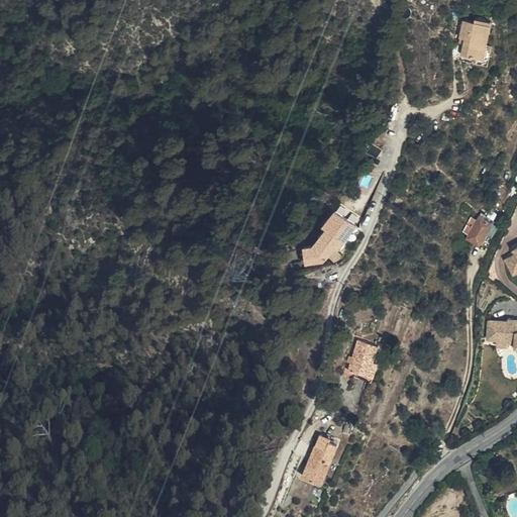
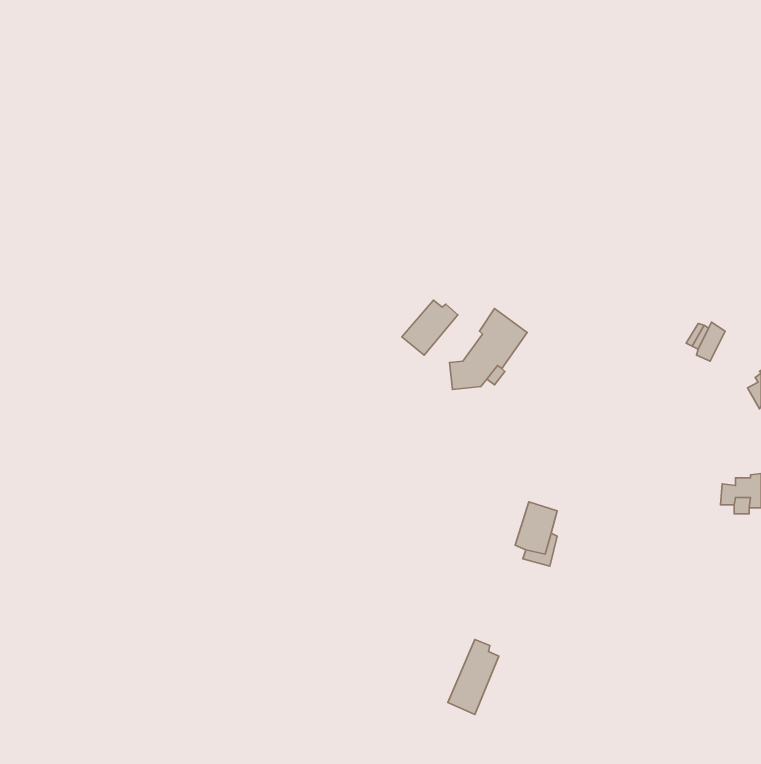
building: [461,19,491,66] -> none
building: none -> [402,300,458,355]

